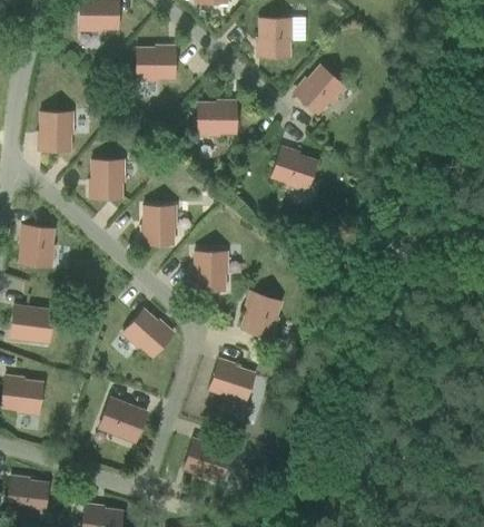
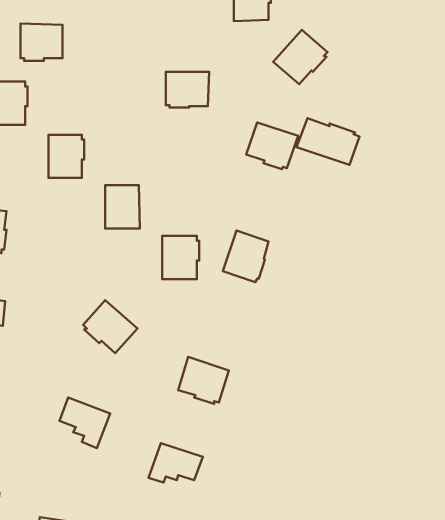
building: [137,47,175,80] -> [21,24,63,61]
building: none -> [297,118,360,165]
building: [240,291,281,338] -> [223,230,269,282]

